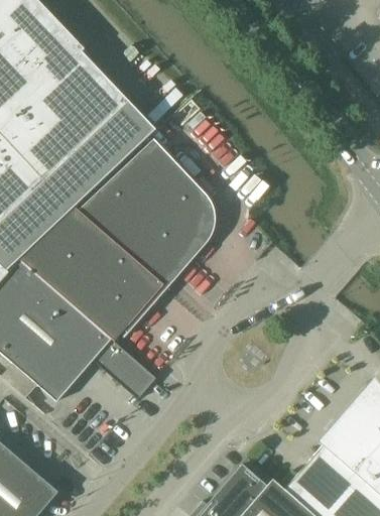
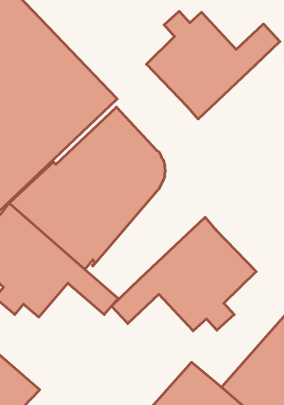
building: none -> [146,11,280,119]
building: none -> [112,217,256,331]

